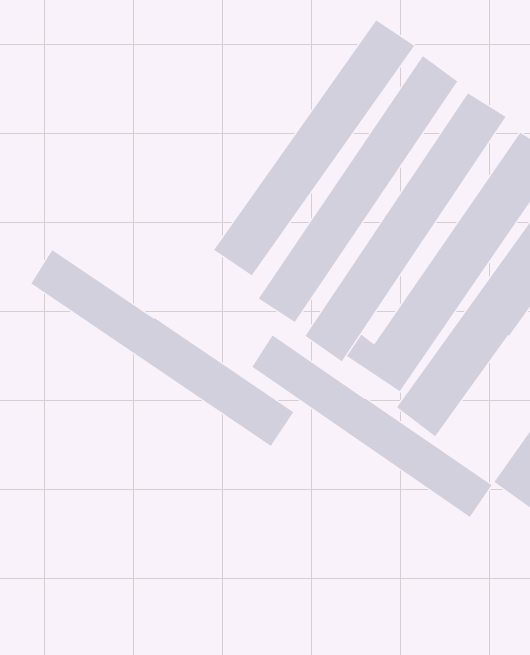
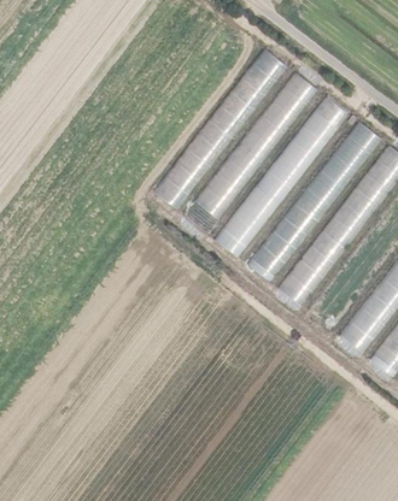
building: [30,249,294,447] -> none
building: [251,335,492,518] -> none

